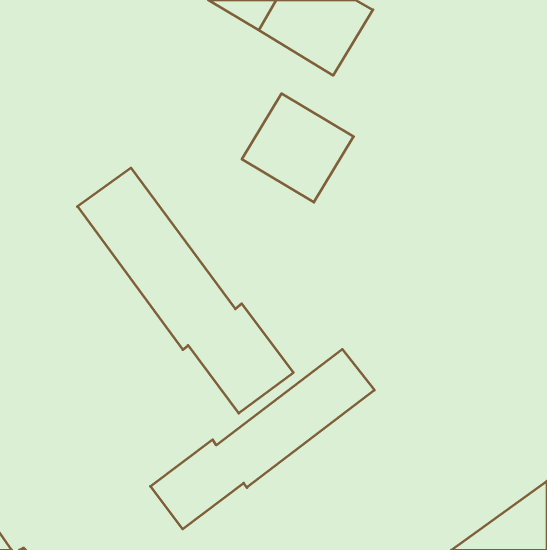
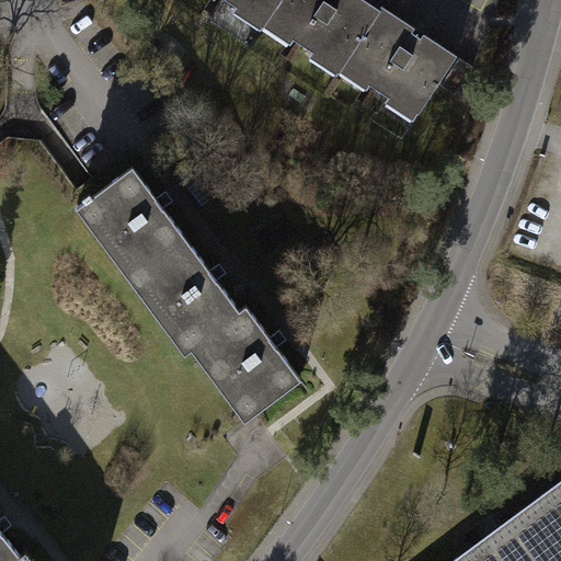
building: [242,94,354,202] -> [340,10,454,121]
building: [150,349,374,529] -> none

